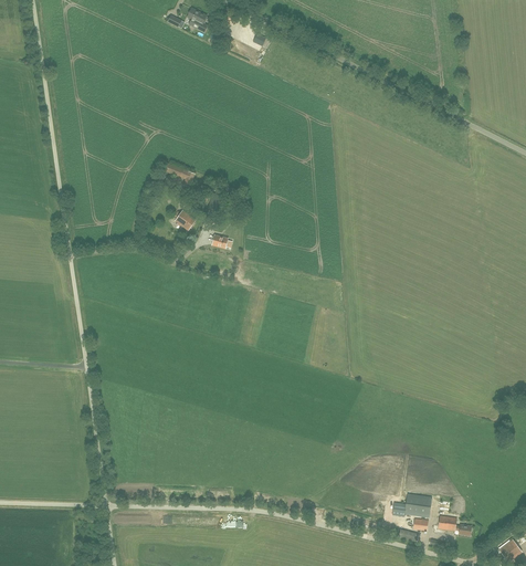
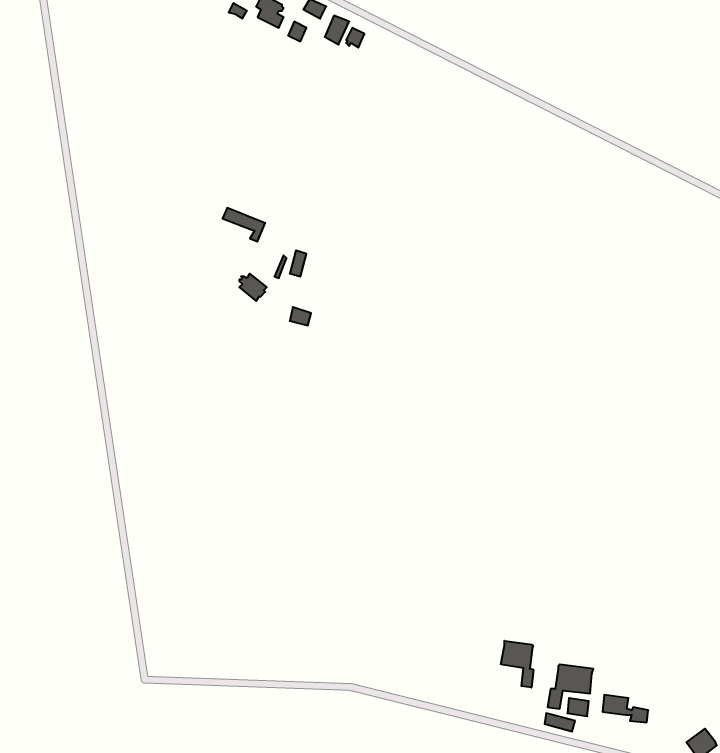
building: none -> [501,641,533,688]

